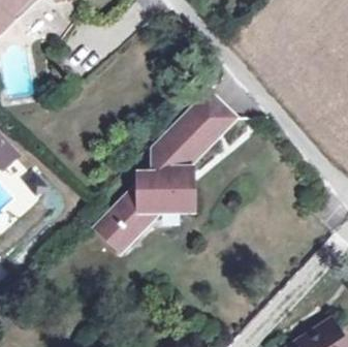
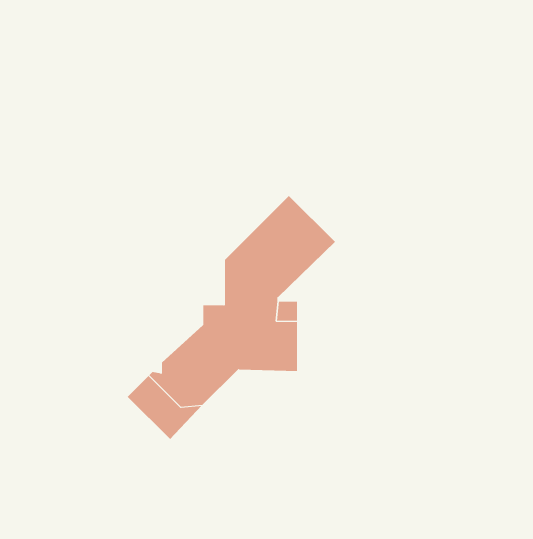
building: [187,95,232,139] -> none

